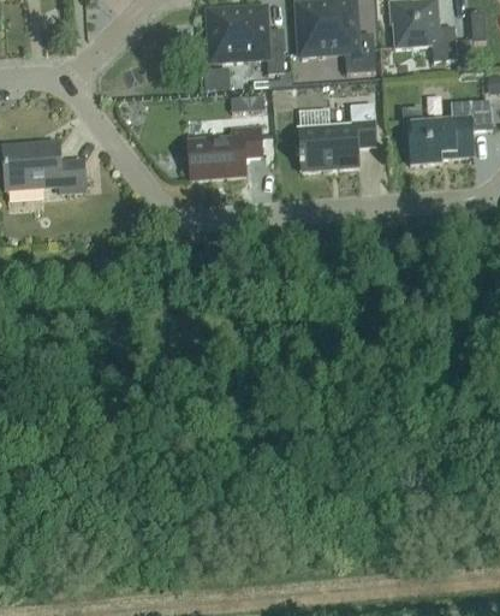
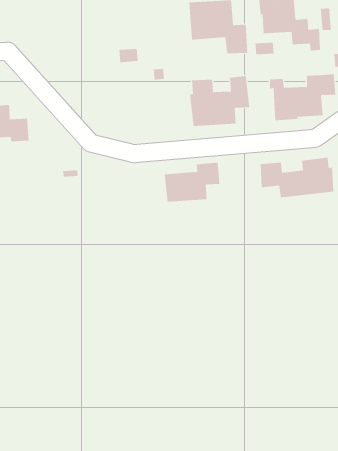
building: [207,7,282,73] -> none
building: [186,124,261,177] -> [164,162,220,202]
building: none -> [260,157,334,198]

